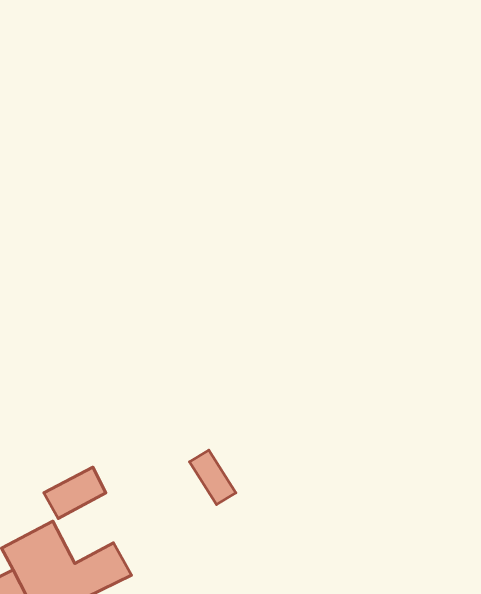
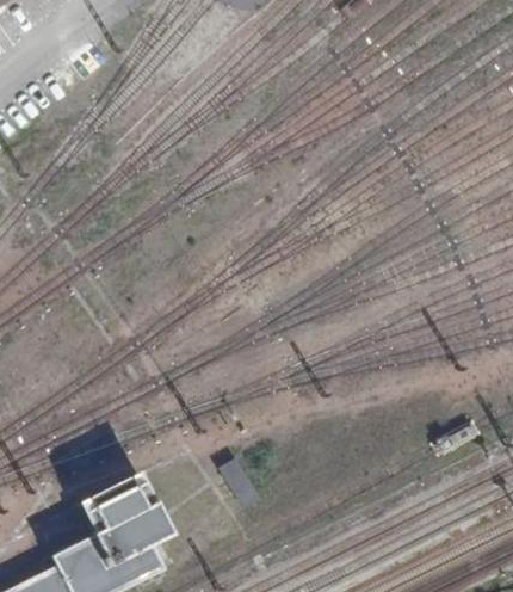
building: none -> [92,488,175,561]

